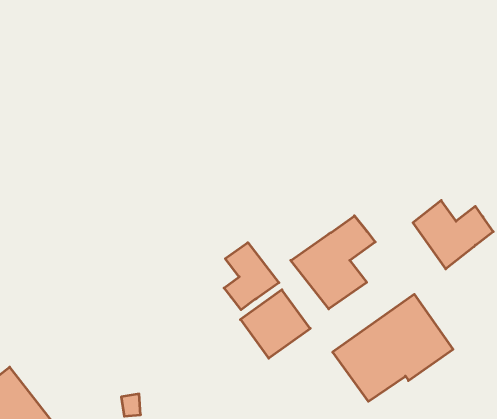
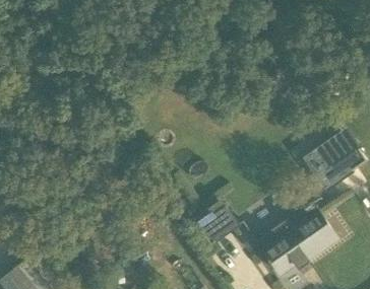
building: [291,216,375,309] -> none
building: [224,243,279,310] -> none

